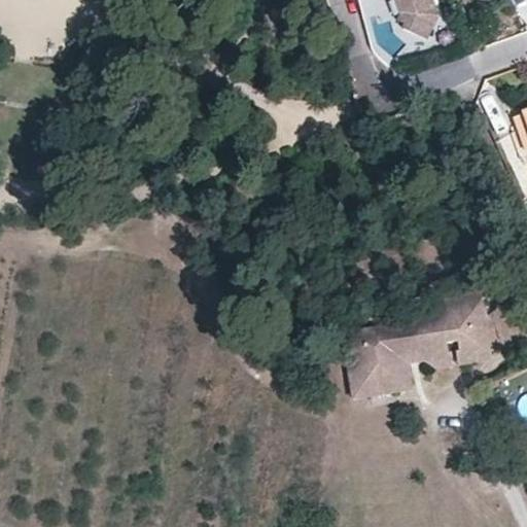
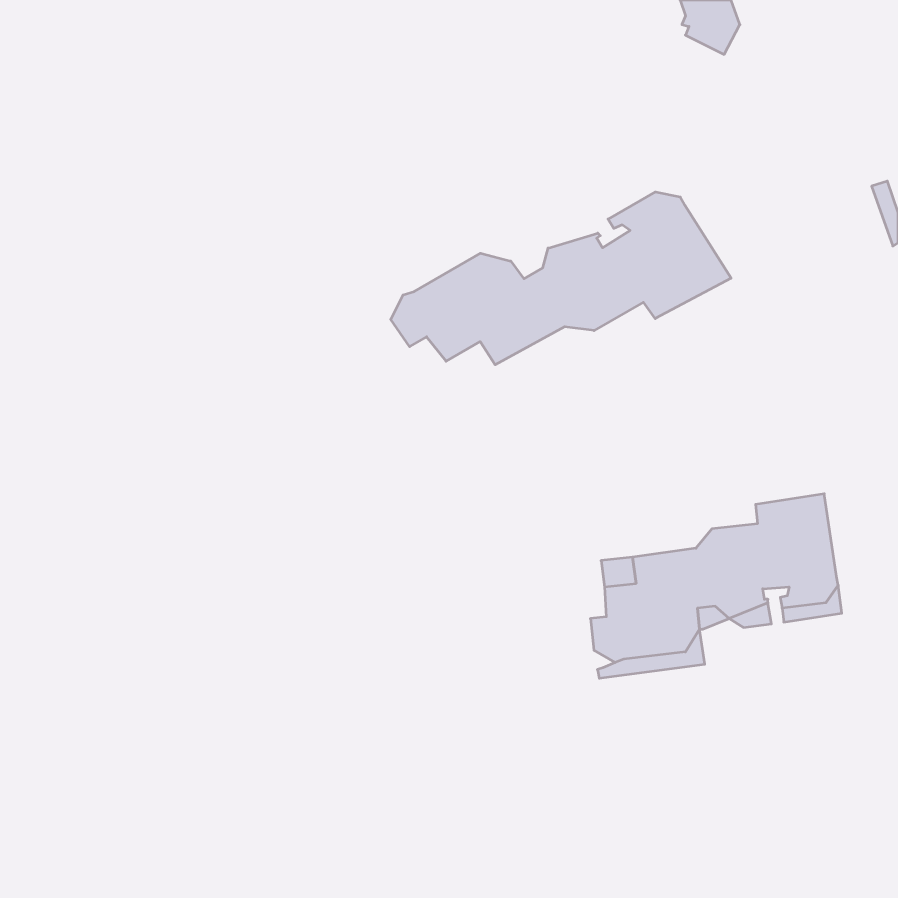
building: none -> [391,192,731,365]

